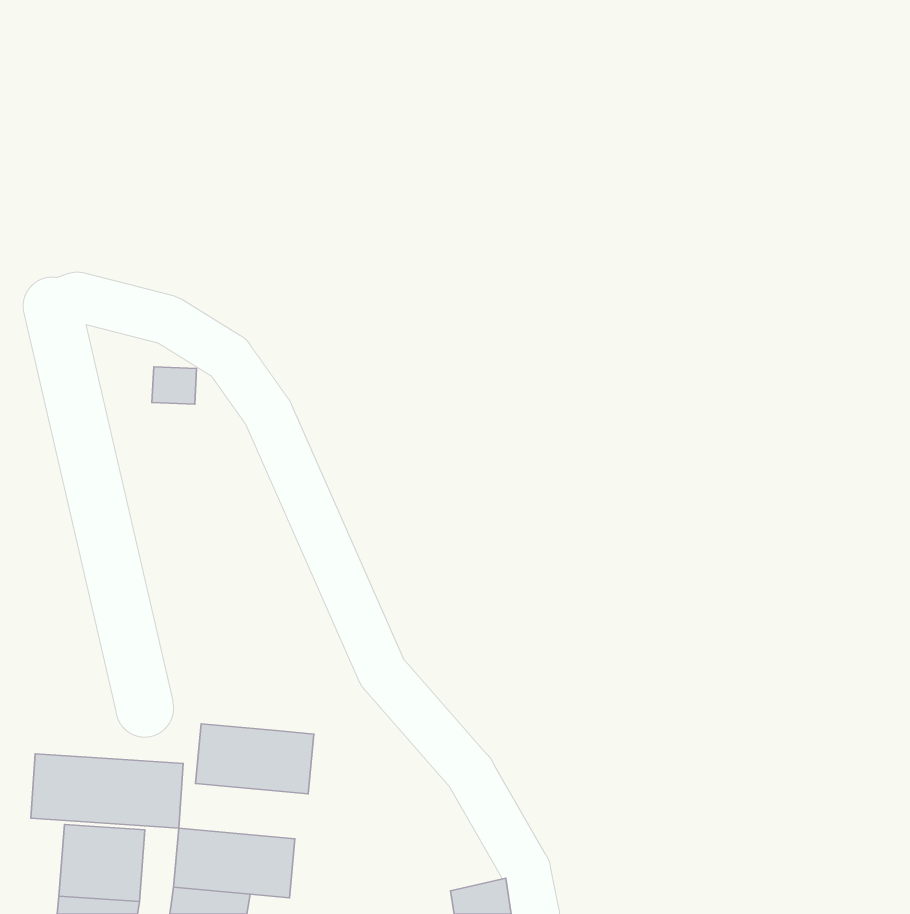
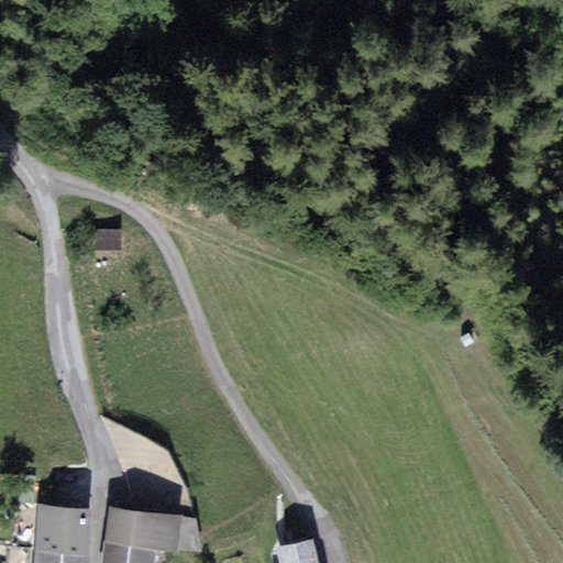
building: [196,724,314,794] -> none
building: [31,754,183,828] -> none

